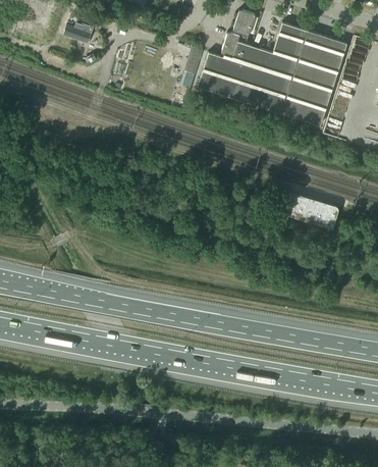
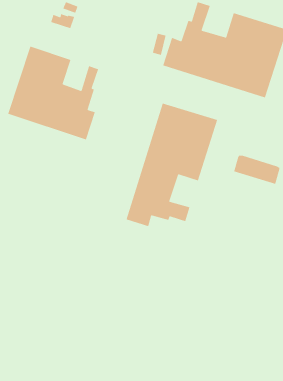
building: none -> [7,45,99,141]
building: none -> [125,102,218,227]

